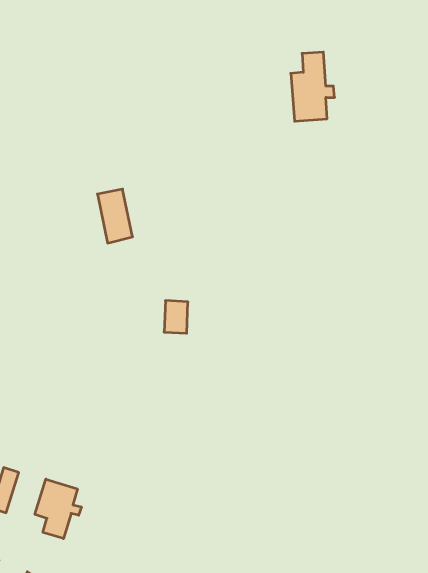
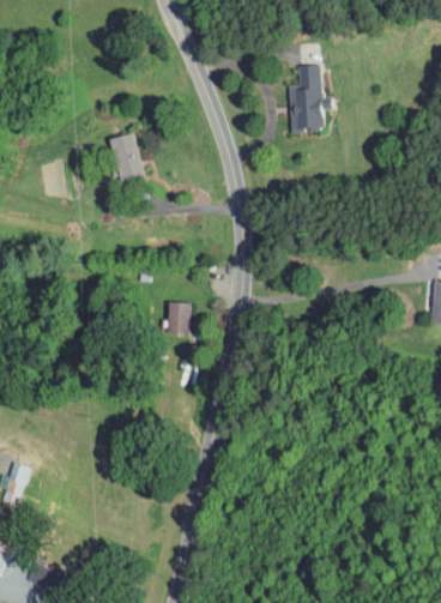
building: [97,189,133,243] -> [110,133,144,185]
building: [35,479,81,539] -> none

